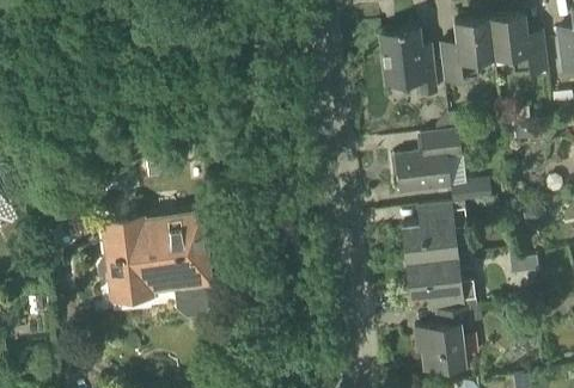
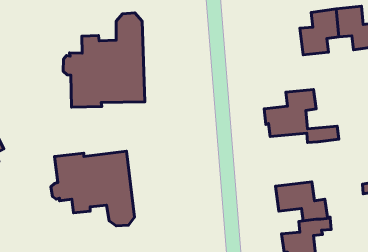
building: none -> [63,13,145,107]
building: [379,26,435,93] -> none
building: [402,201,466,261] -> none

